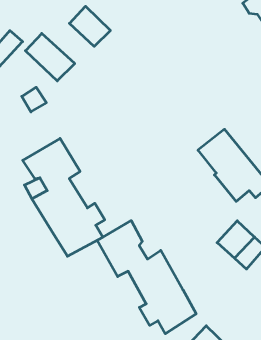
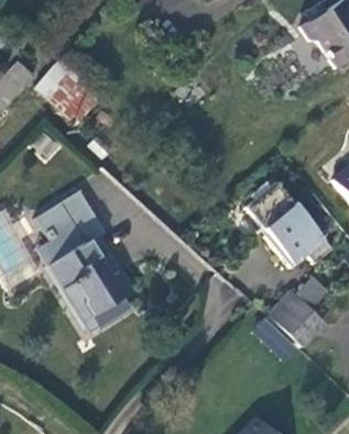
building: [69,6,110,46] -> none
building: [97,221,196,334] -> none

